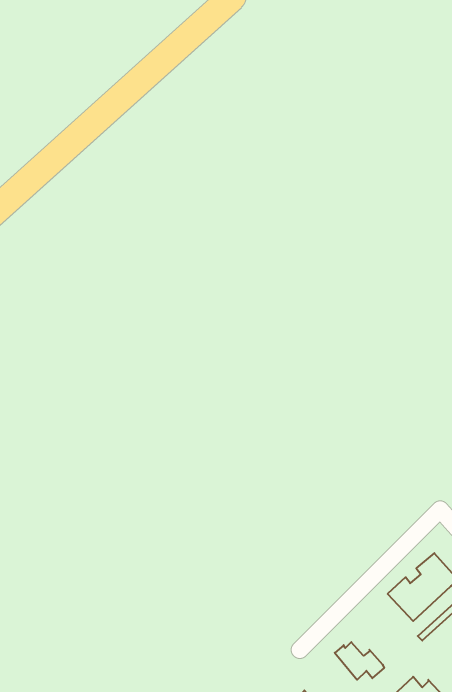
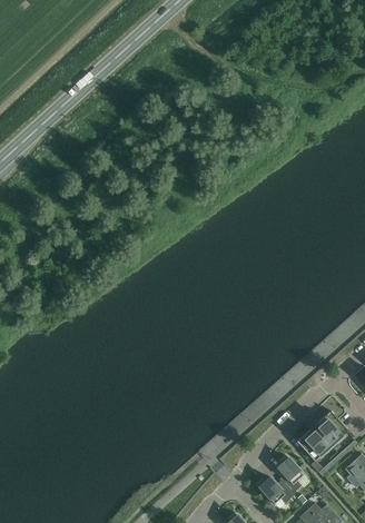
building: none -> [277,455,303,493]

